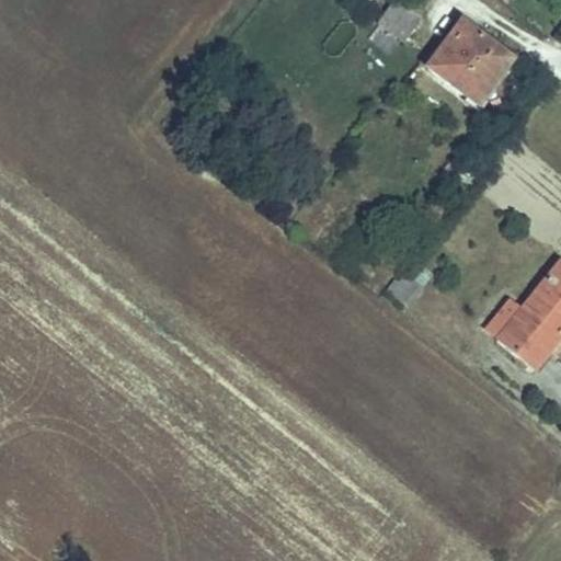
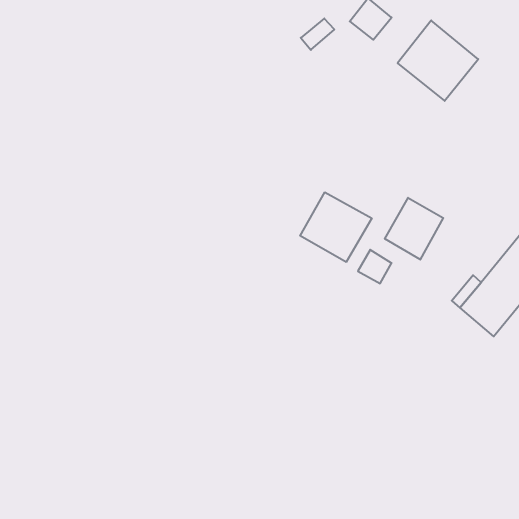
building: none -> [300,192,372,262]
building: none -> [385,198,443,260]

